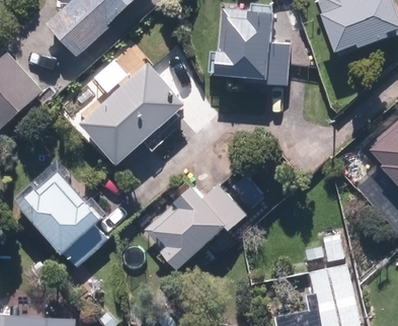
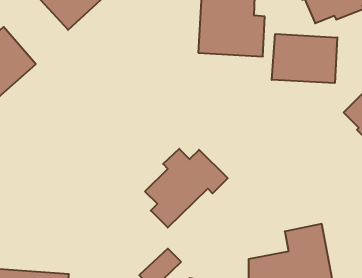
building: [79,60,187,165] -> none
building: none -> [272,34,337,83]
building: [19,179,107,268] -> none

